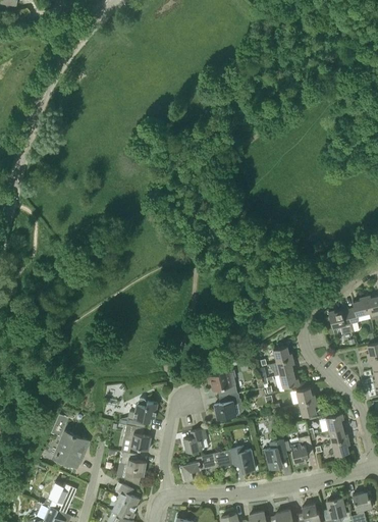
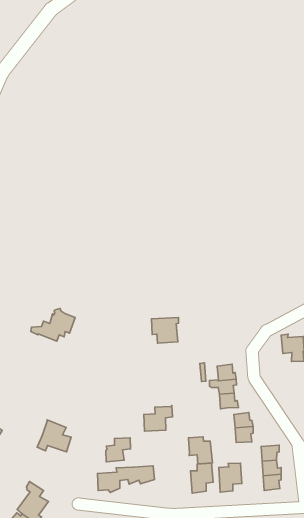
building: [210,371,237,398] -> [151,318,179,343]
building: [119,398,158,428] -> [31,308,75,341]
building: [230,447,256,472] -> [188,437,212,464]
building: [116,452,146,485] -> none

